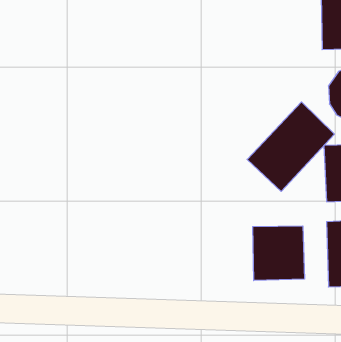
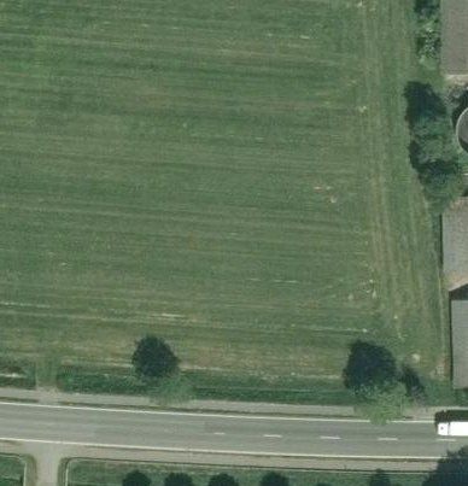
building: [247,102,334,191] -> none
building: [253,226,304,281] -> none

